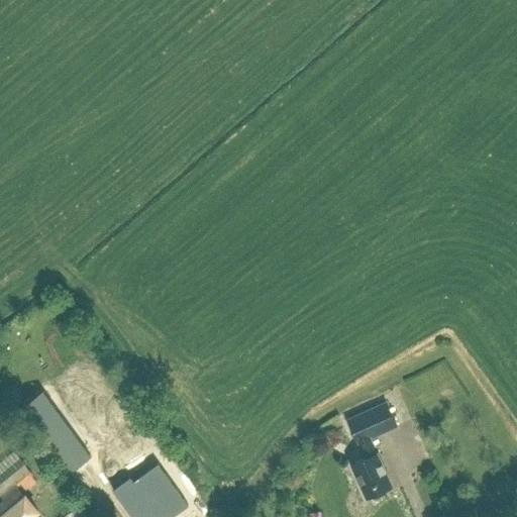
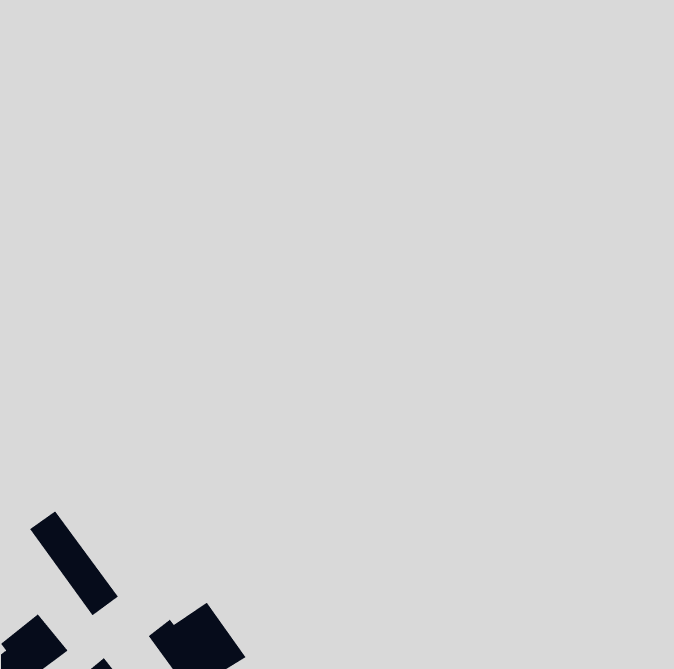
building: [347,405,396,500] -> none

